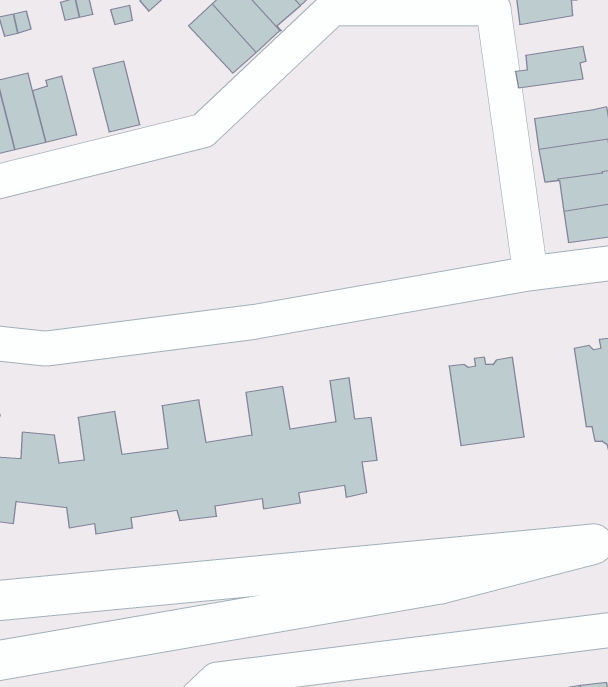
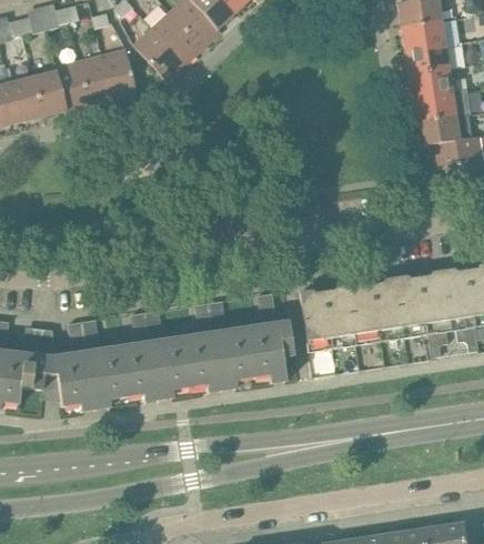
building: none -> [401,19,448,49]
building: none -> [133,27,184,79]
building: none -> [102,48,138,101]
building: none -> [56,59,91,113]
building: none -> [400,67,456,97]
building: none -> [395,269,451,355]
building: none -> [300,283,356,351]

